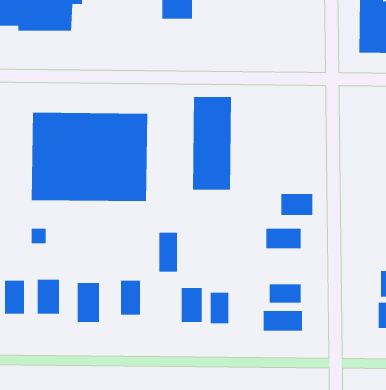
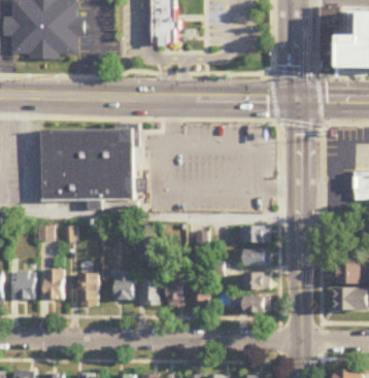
building: [192,96,232,191] -> none
building: [281,194,313,215] -> [242,248,270,267]
building: [158,232,178,272] -> [143,271,160,305]

